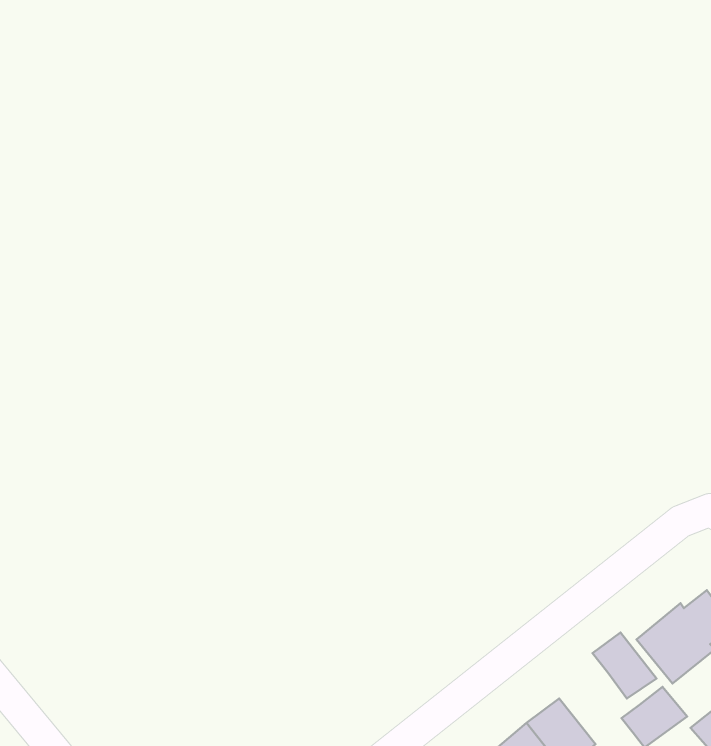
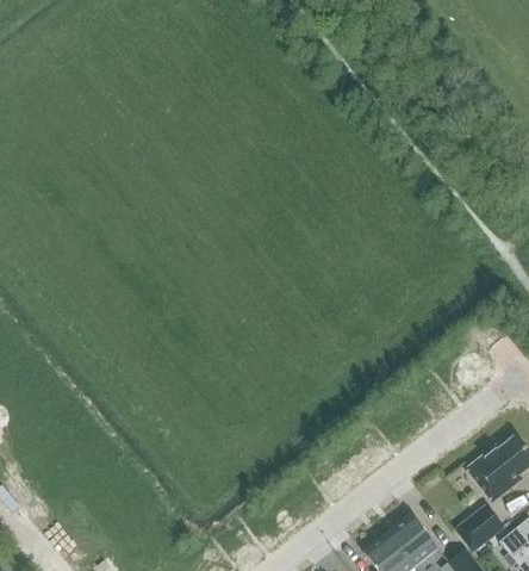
building: [592,632,657,699] -> none

